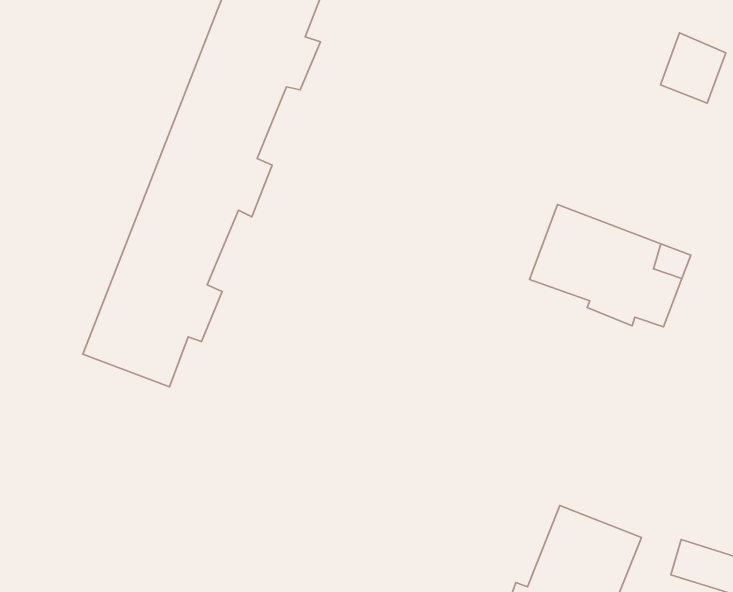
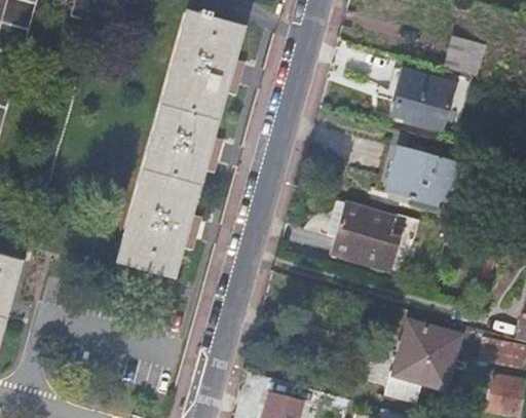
building: none -> [392,69,456,127]
building: none -> [330,200,400,269]

